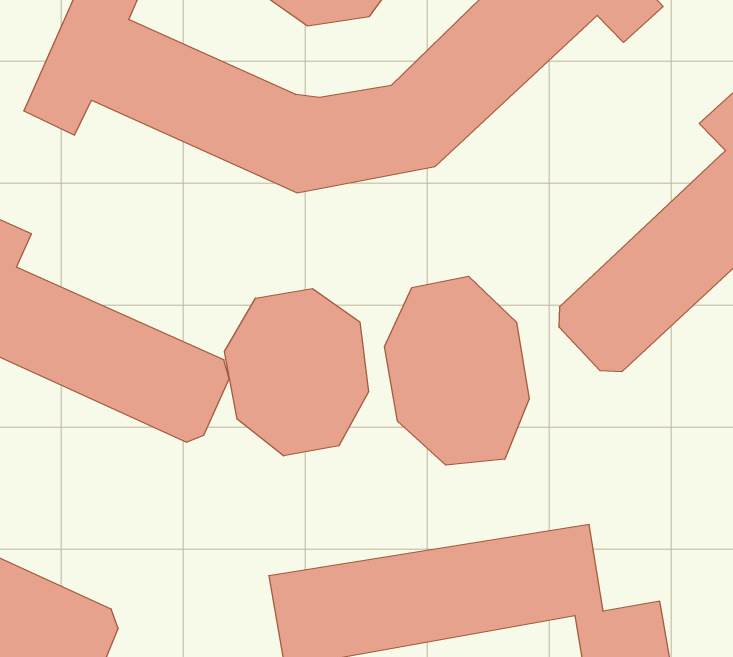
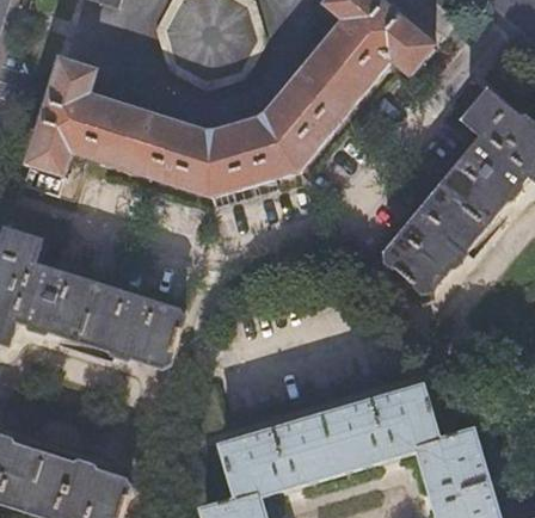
building: [384,276,529,465] -> none
building: [224,289,369,456] -> none

